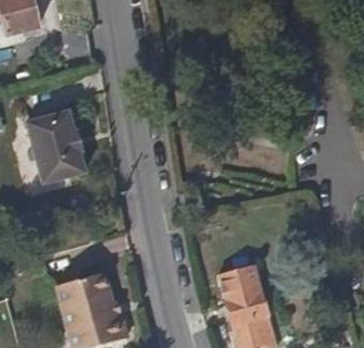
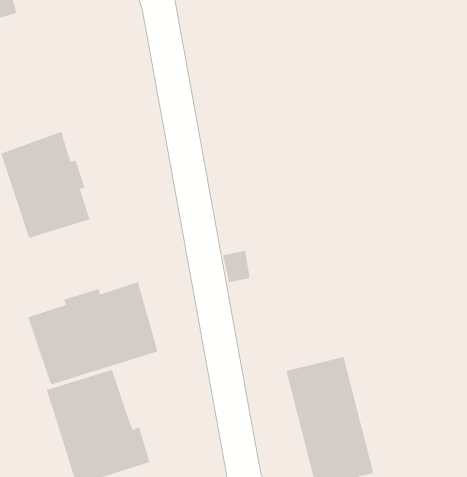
building: none -> [27,281,159,386]

